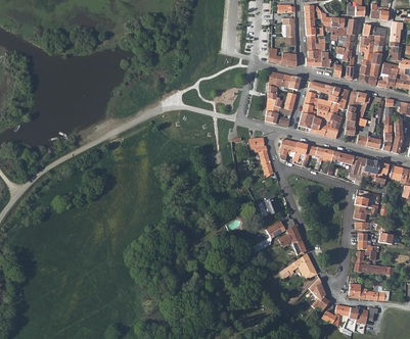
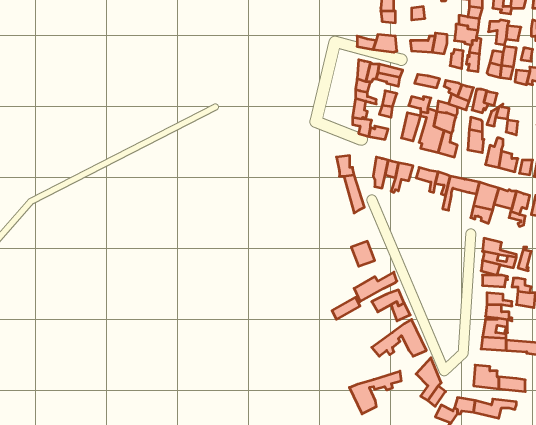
building: none -> [349,371,401,414]

